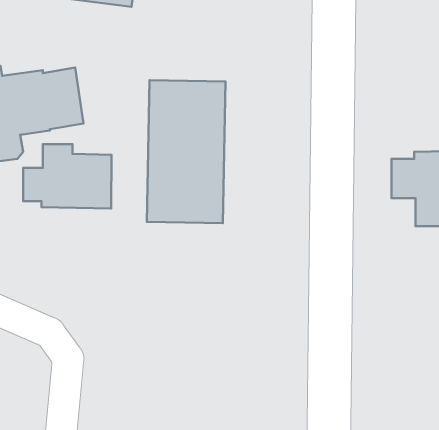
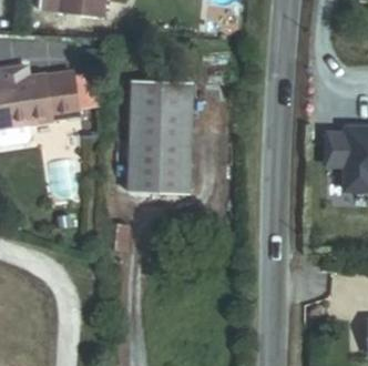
building: [23,144,112,209] -> none

